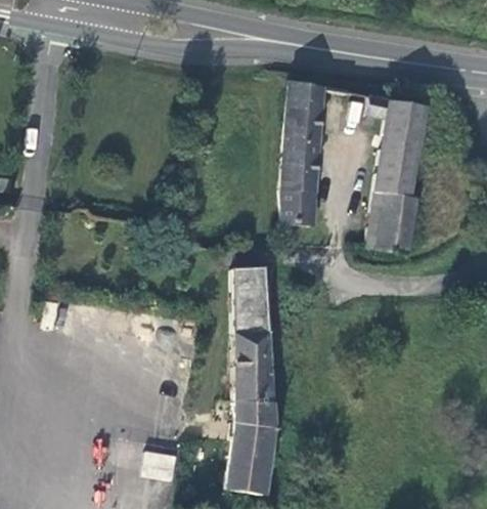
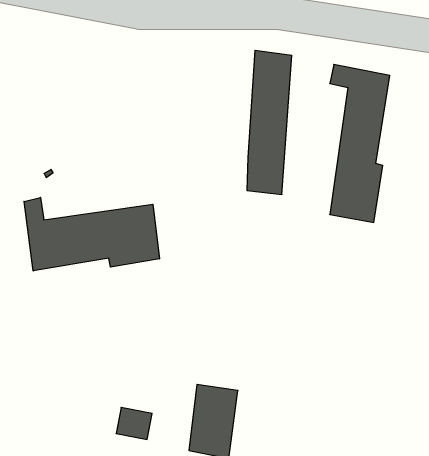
building: none -> [24,197,159,271]
building: [231,266,273,428] -> none

